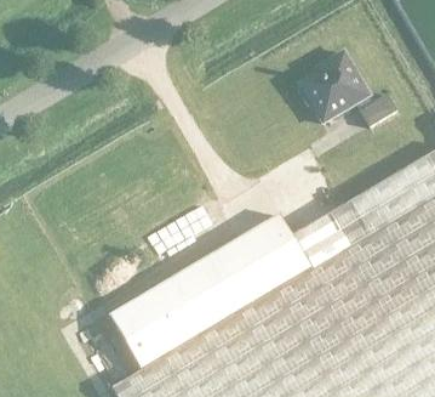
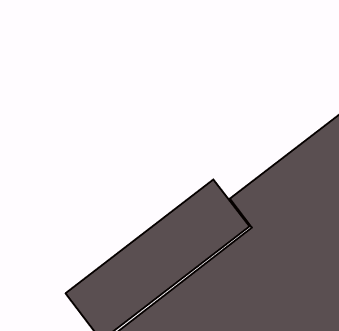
building: [299,53,397,129] -> none

